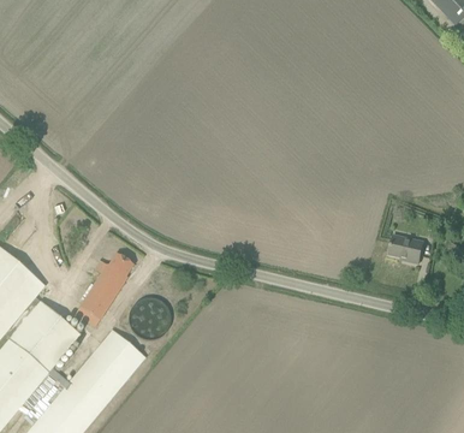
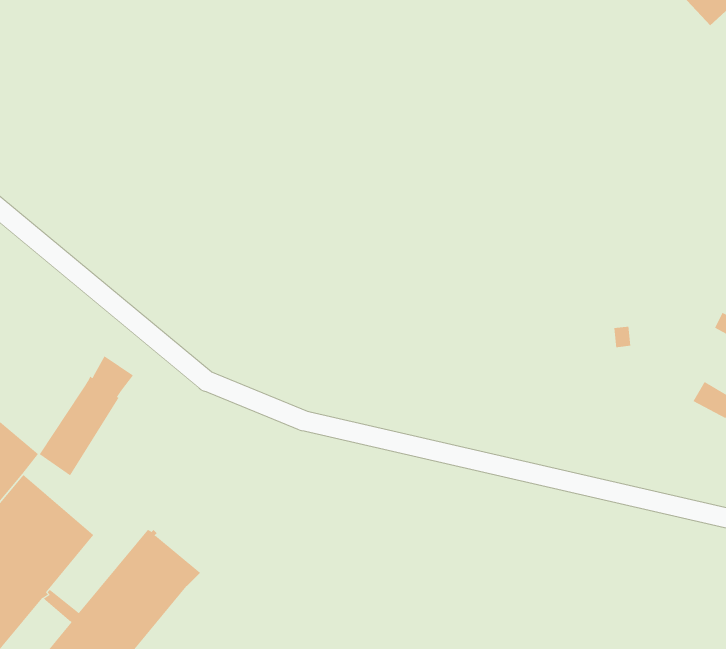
building: [387,232,423,262] -> none
building: [75,251,132,325] -> [39,356,134,476]

